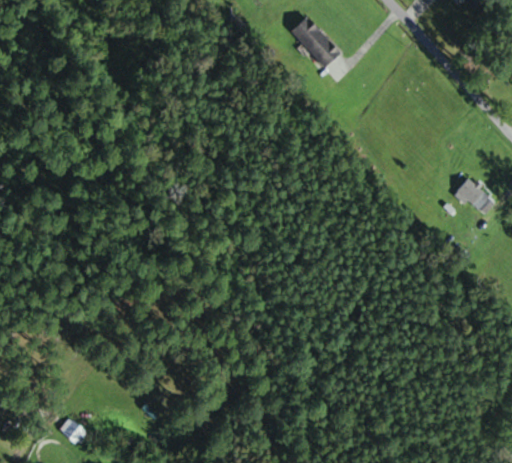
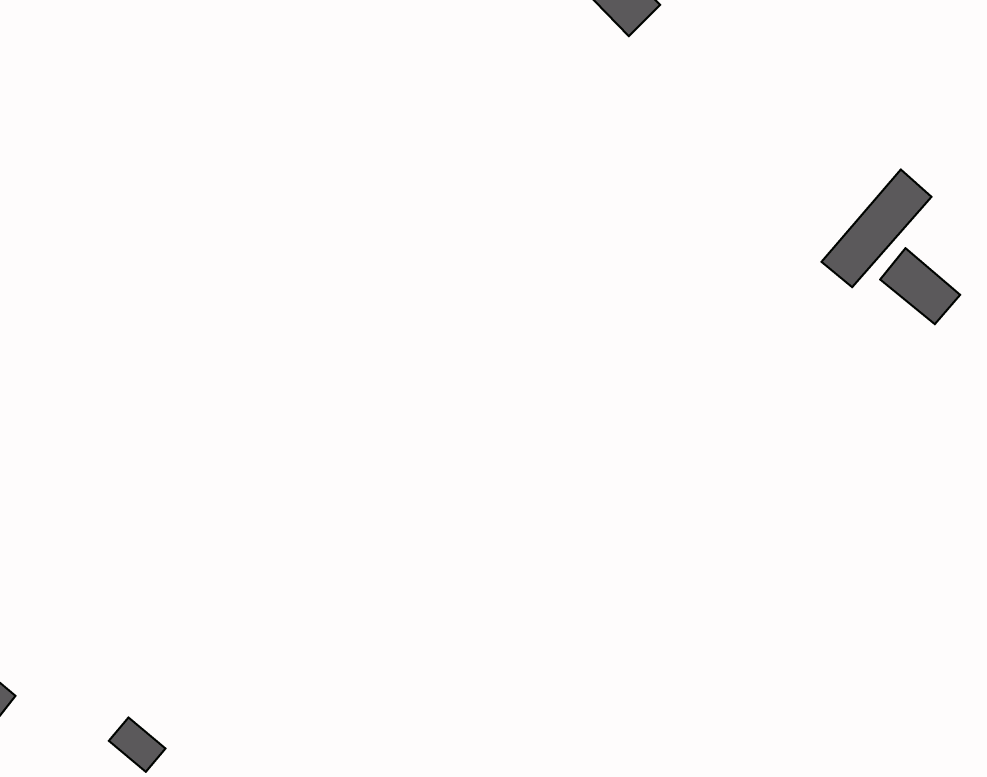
building: none -> [821,169,931,287]

